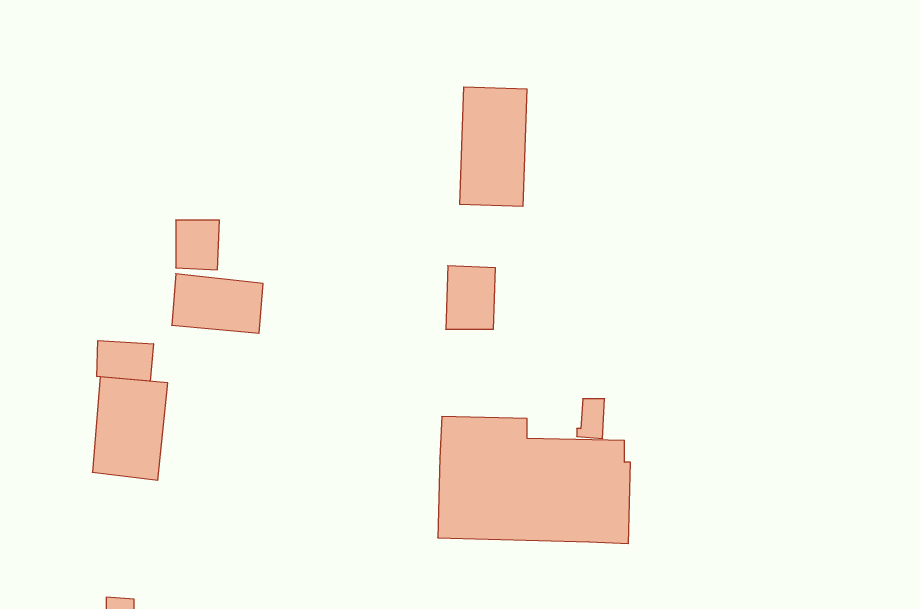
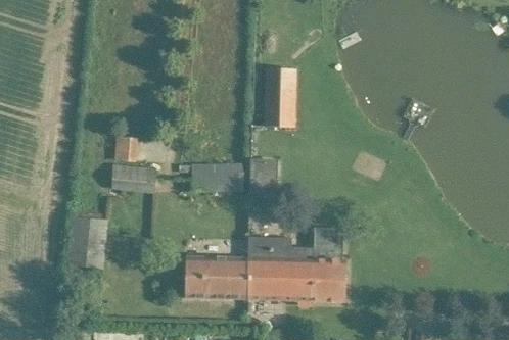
building: none -> [192,162,244,191]
building: [97,341,153,381] -> none
building: none -> [186,256,248,298]

